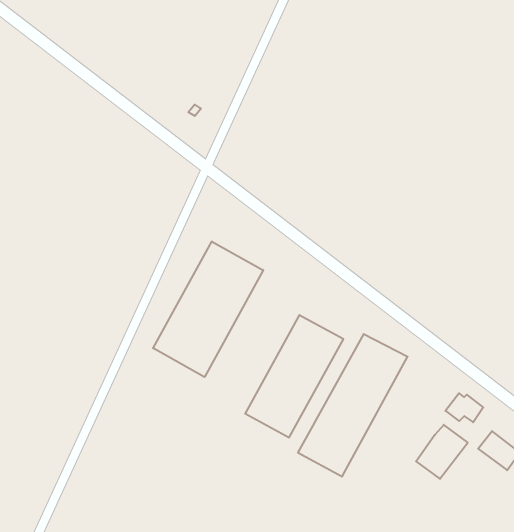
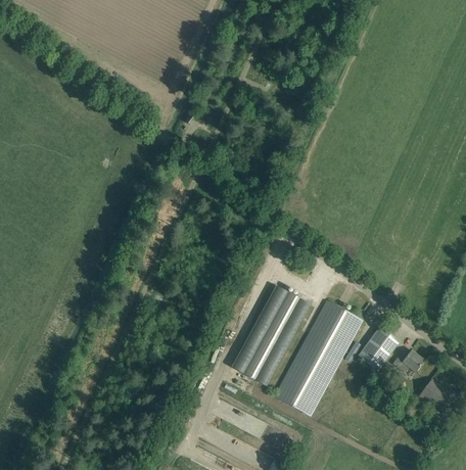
building: [153,241,263,377] -> none
building: [416,425,468,479] -> [358,326,400,370]

